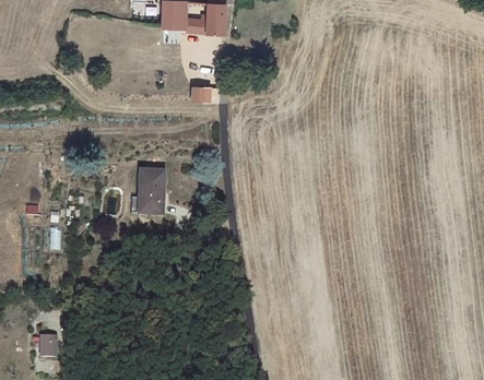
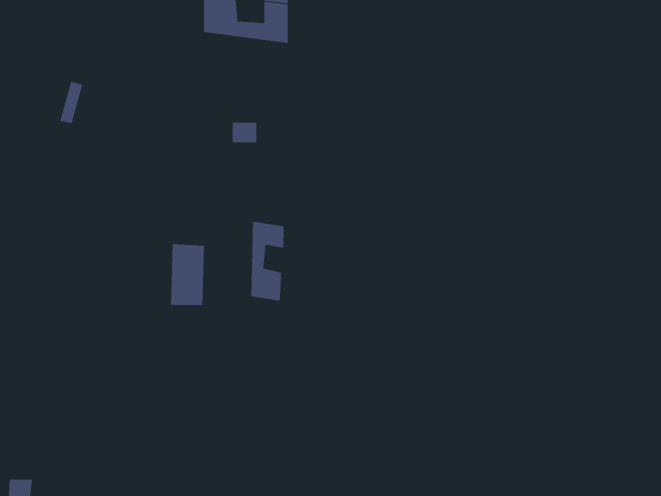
building: none -> [251,221,284,302]

